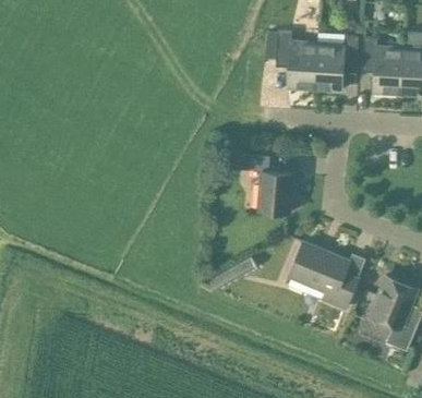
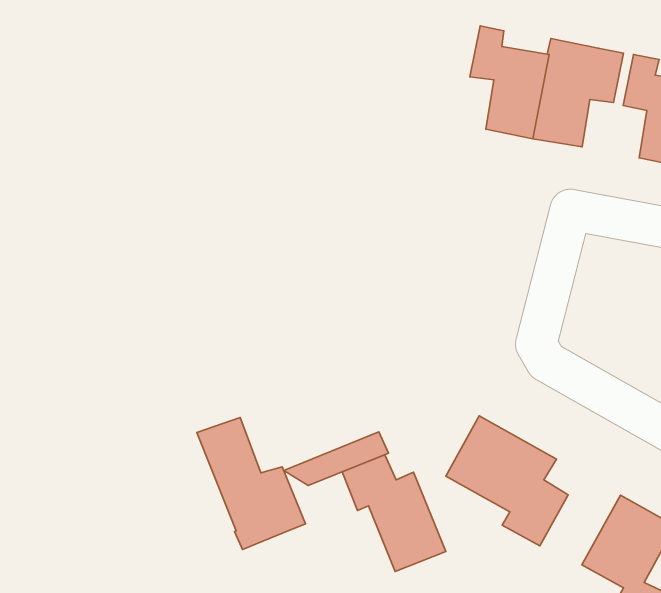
building: [237,154,293,214] -> none
building: none -> [197,417,305,550]
building: none -> [342,455,446,571]

